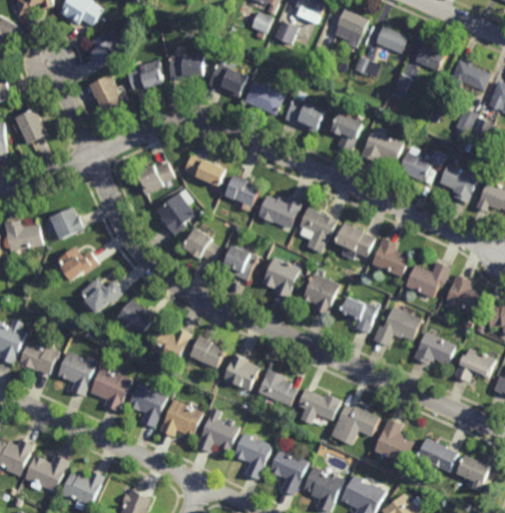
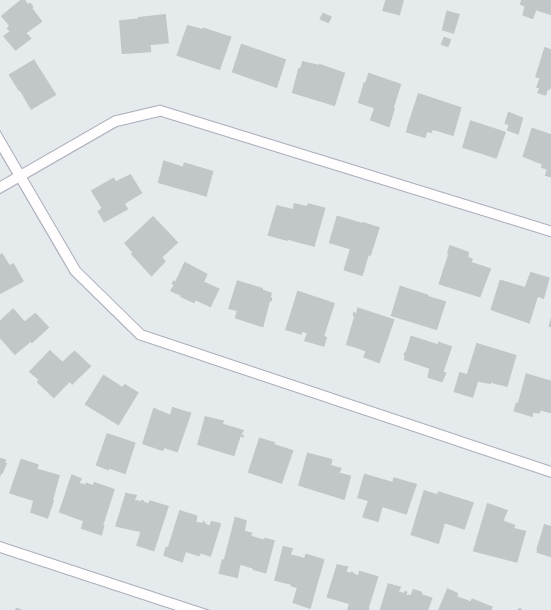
building: [127,60,163,90] -> none
building: [223,173,260,205] -> none
building: [335,222,376,258] -> [390,285,447,331]
building: none -> [95,432,137,475]

